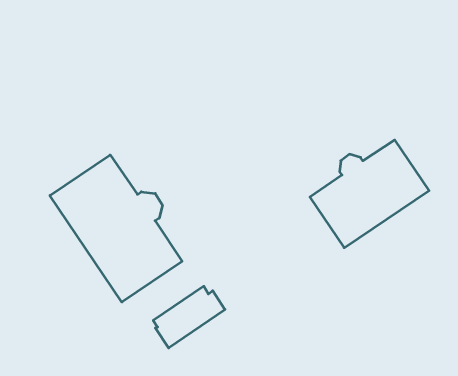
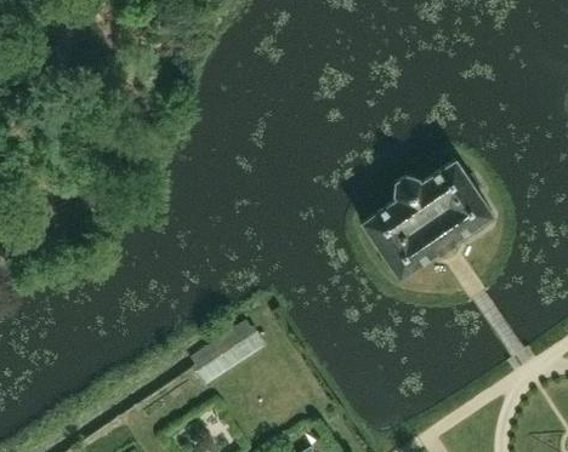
building: [50,155,182,302] -> none

